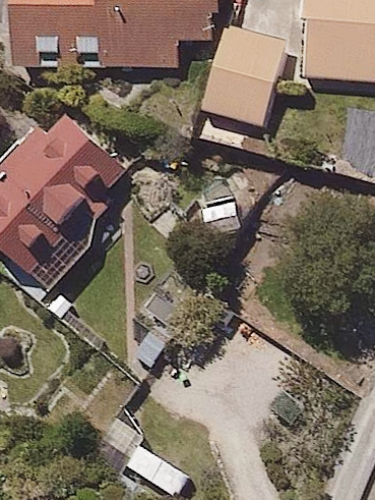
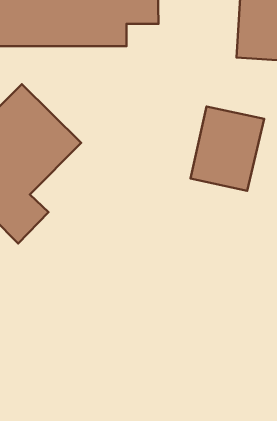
building: [204,25,289,122] -> [190,107,264,191]

